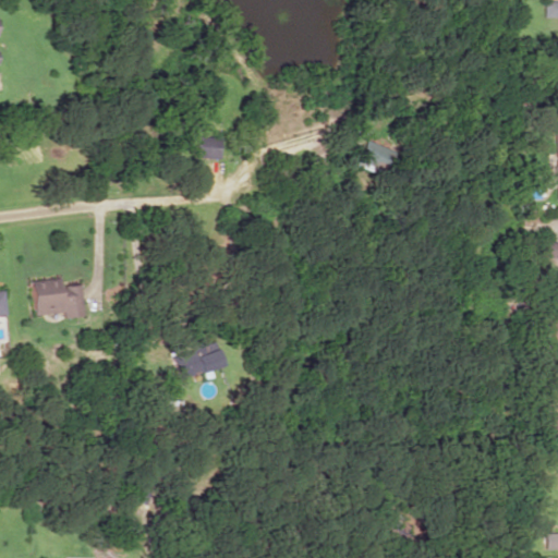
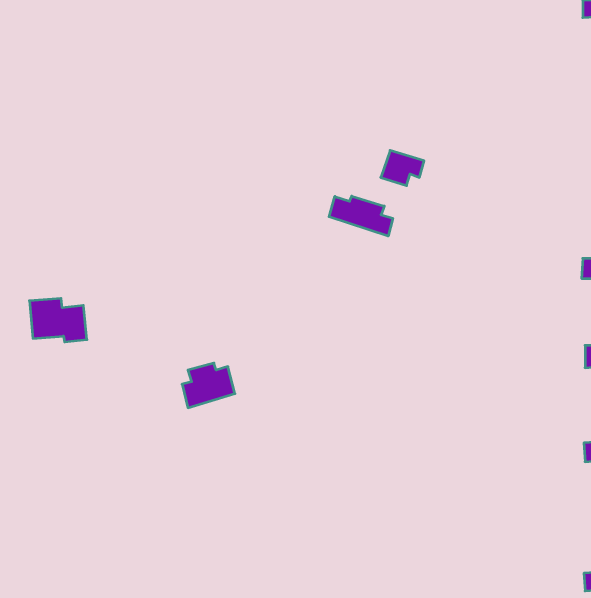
building: [202,137,226,159] -> none
building: none -> [329,196,393,236]

